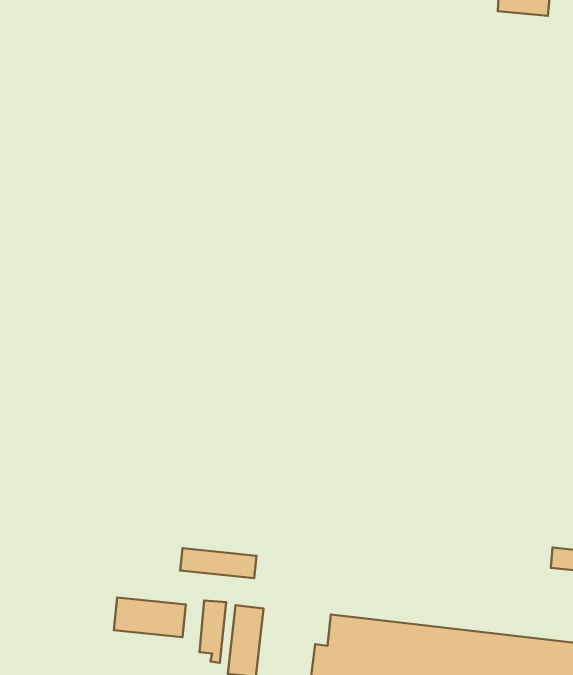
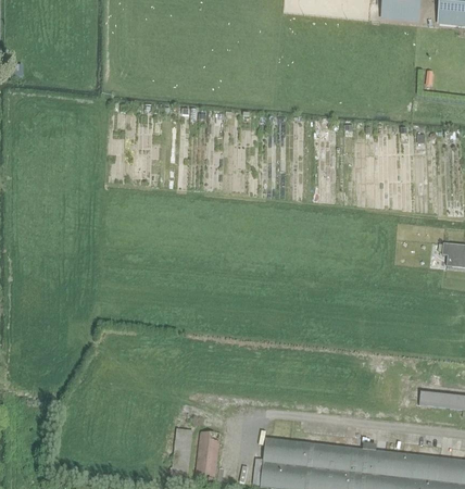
building: [180,548,256,578] -> none
building: [114,597,186,637] -> none

